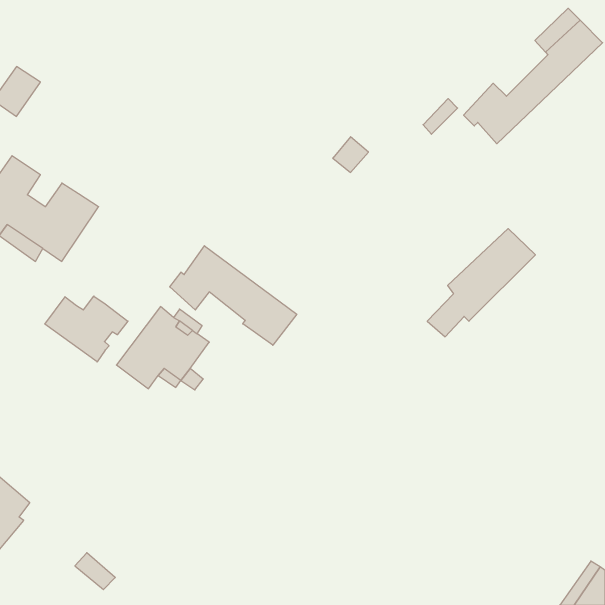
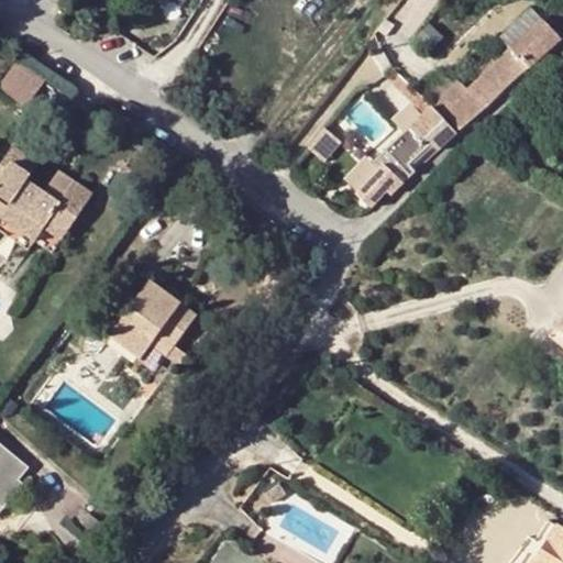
building: [427,229,535,337] -> [351,109,451,209]
building: [170,246,297,345] -> none
building: [45,296,128,362] -> none

